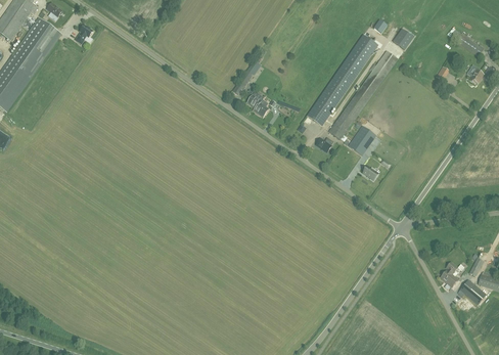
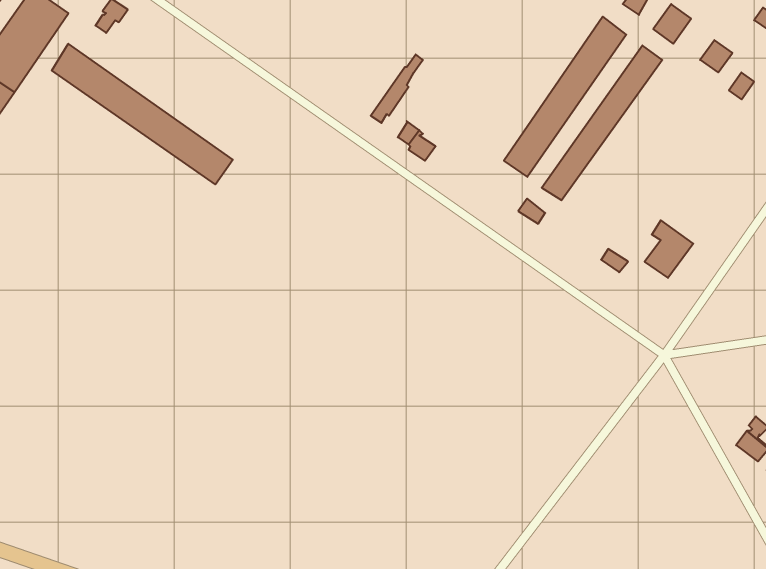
building: none -> [52,44,233,184]
building: [348,122,375,154] -> [645,220,693,278]

